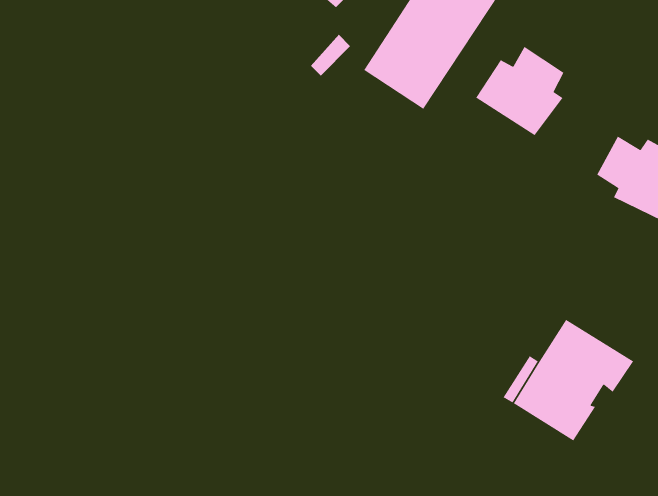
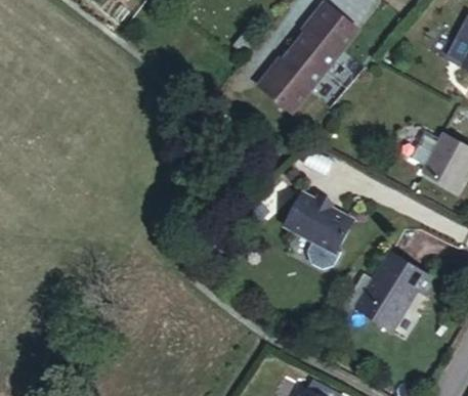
building: [475,46,565,136] -> none
building: none -> [282,188,354,267]

